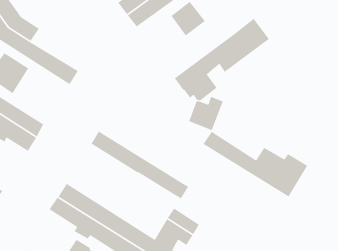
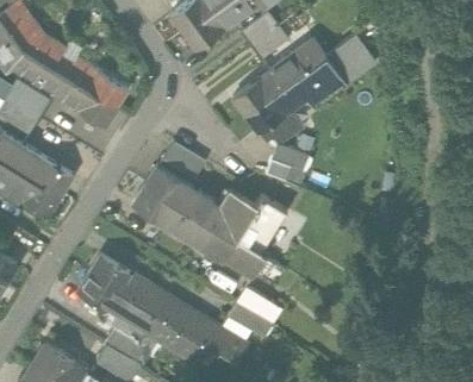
building: none -> [232,38,325,115]
building: none -> [54,39,129,106]
building: none -> [161,142,204,179]
building: [202,131,308,198] -> [144,168,286,257]

